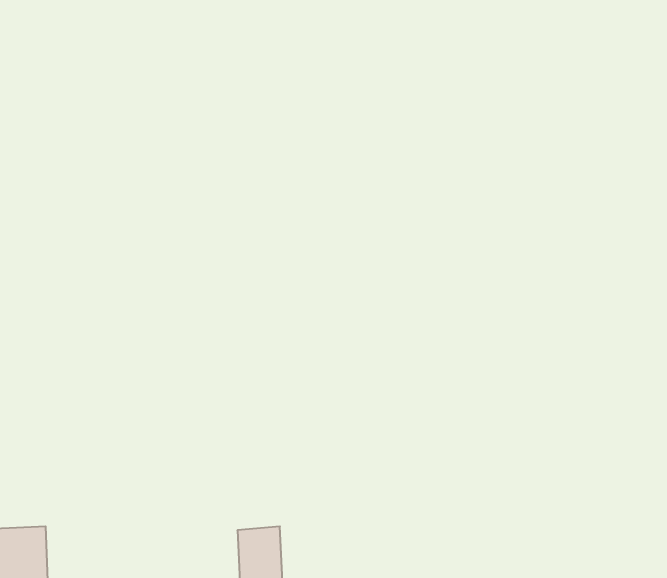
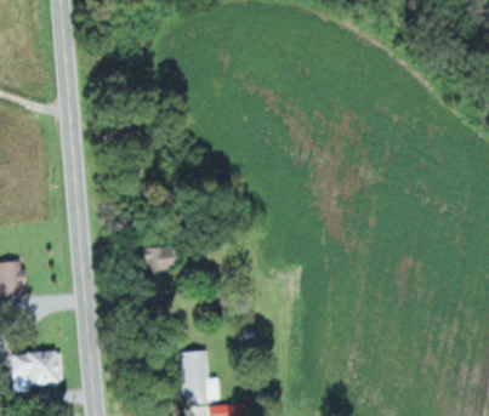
building: none -> [136,249,172,272]

